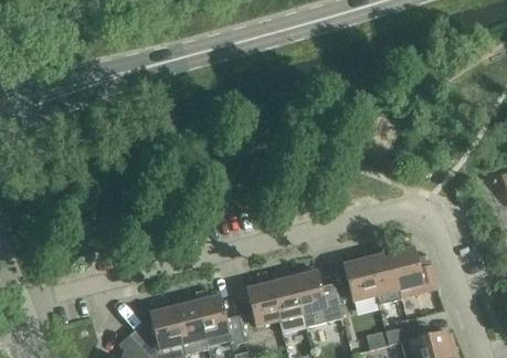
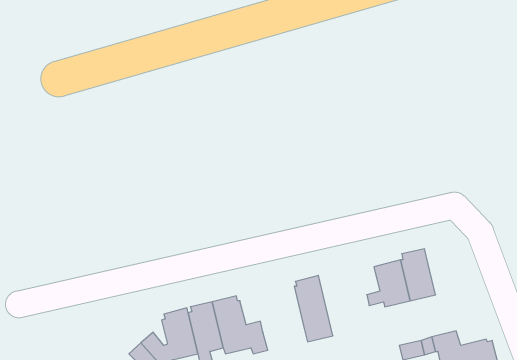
building: [389,244,437,301] -> none
building: [292,268,342,329] -> none
building: [239,284,278,328] -> none

